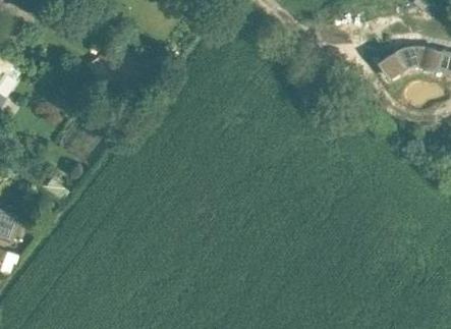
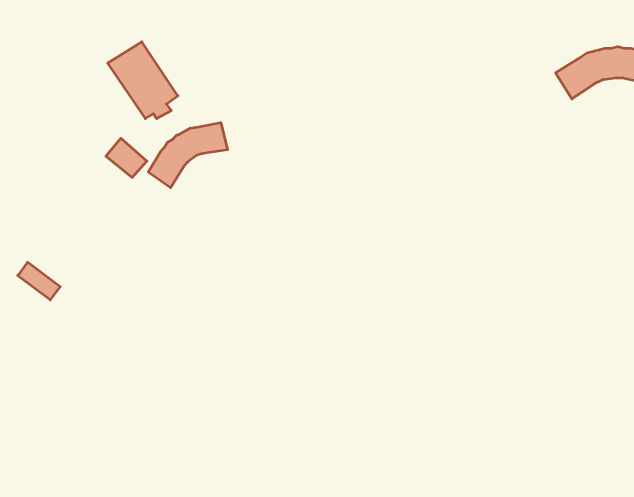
building: none -> [148,123,228,188]

